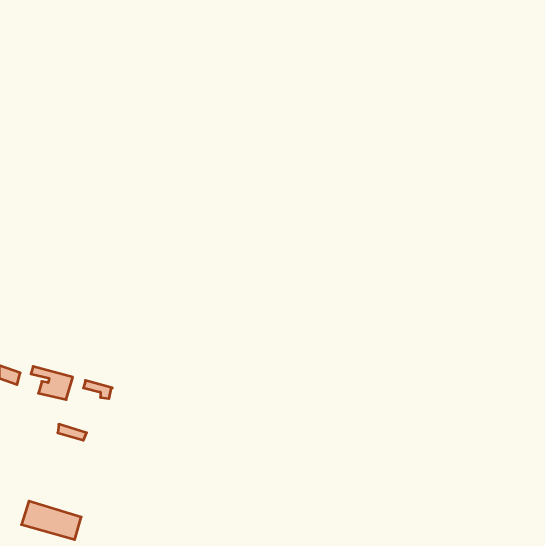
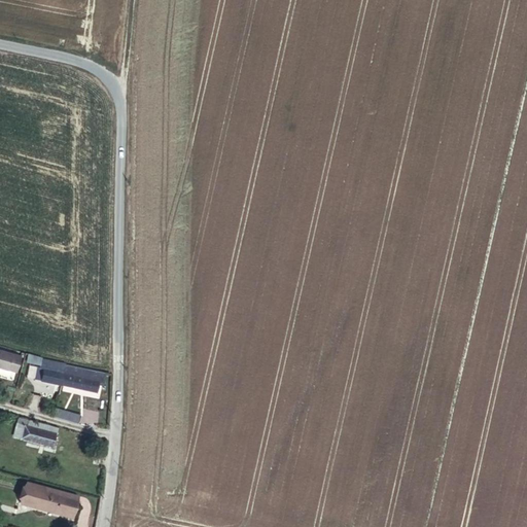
building: none -> [64,363,97,391]
building: none -> [25,424,56,447]

